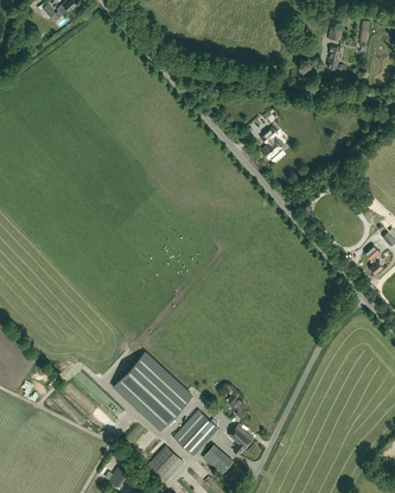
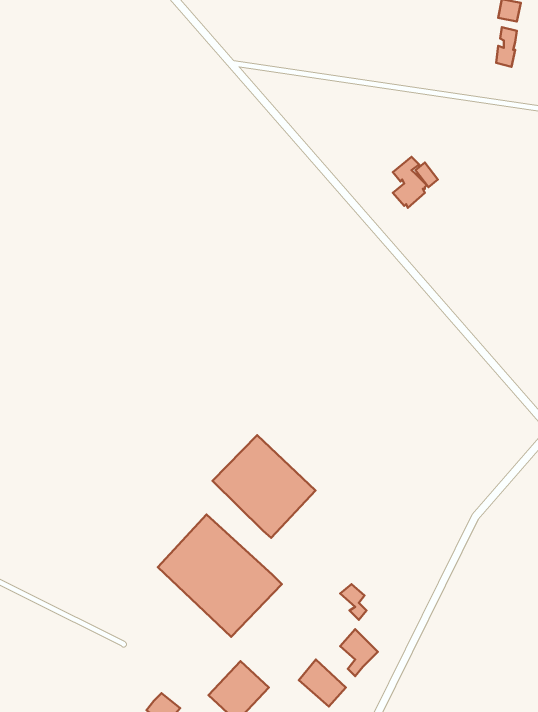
building: none -> [213,435,315,538]
building: [173,410,218,456] -> none

